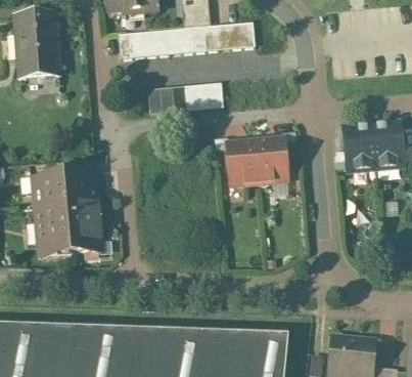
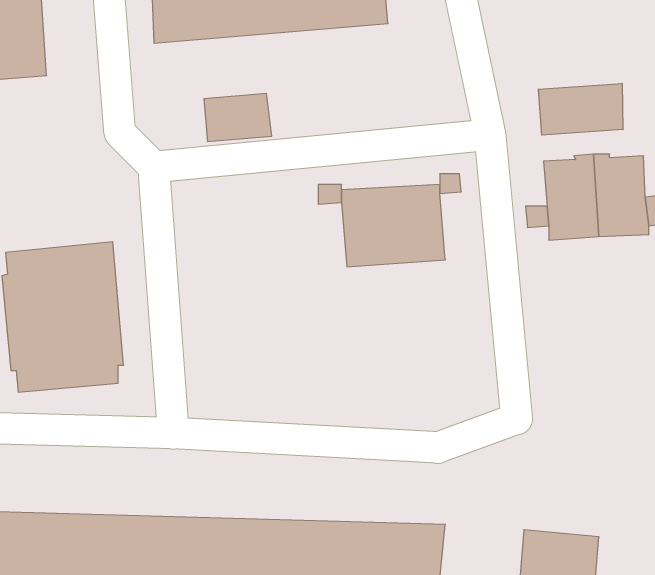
building: none -> [539,83,623,135]
building: [184,83,223,111] -> none

